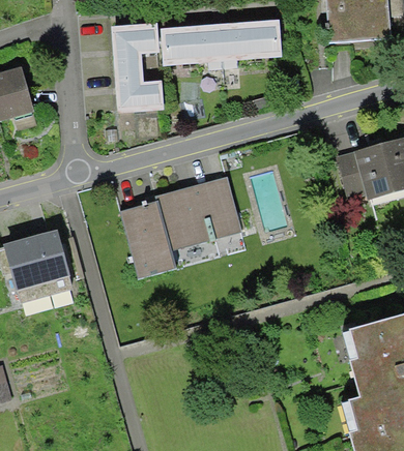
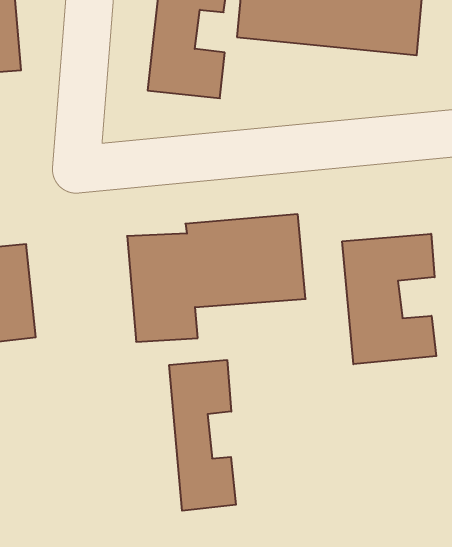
building: none -> [342,234,436,364]
building: none -> [169,360,236,511]

